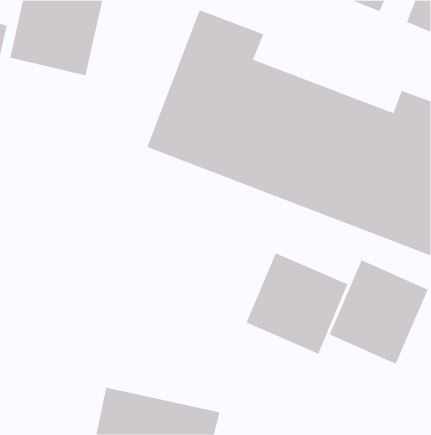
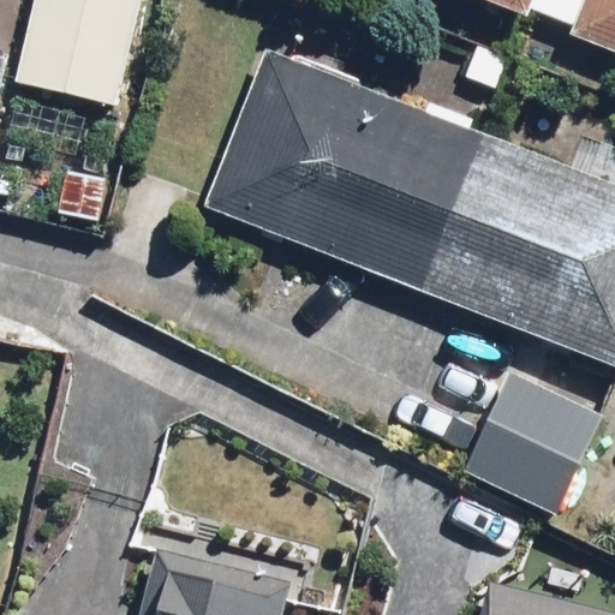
building: [246,252,348,354] -> none

